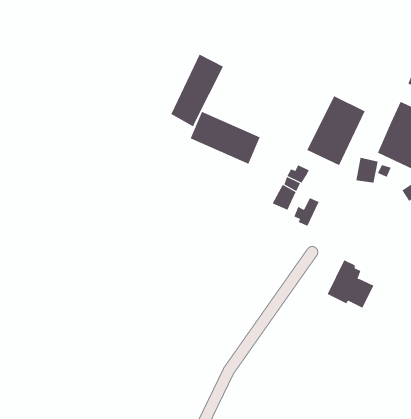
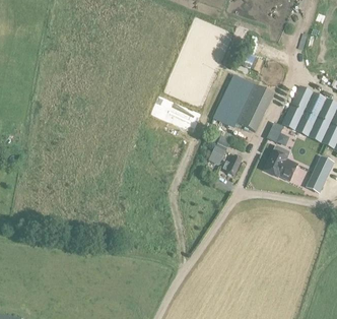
building: [170,54,224,127] -> [214,73,252,125]
building: [327,259,374,308] -> [264,145,297,180]

